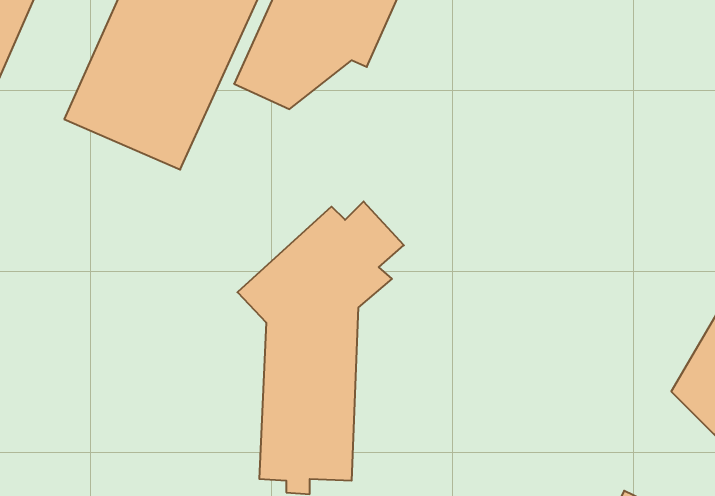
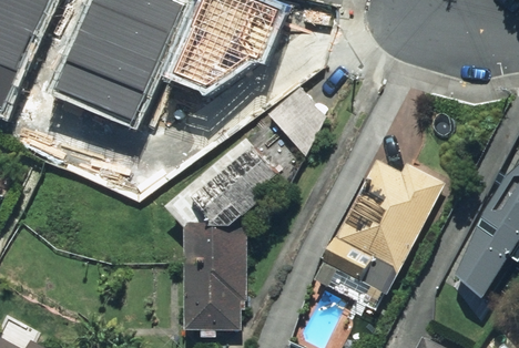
building: none -> [267,88,325,157]
building: none -> [327,154,441,288]

